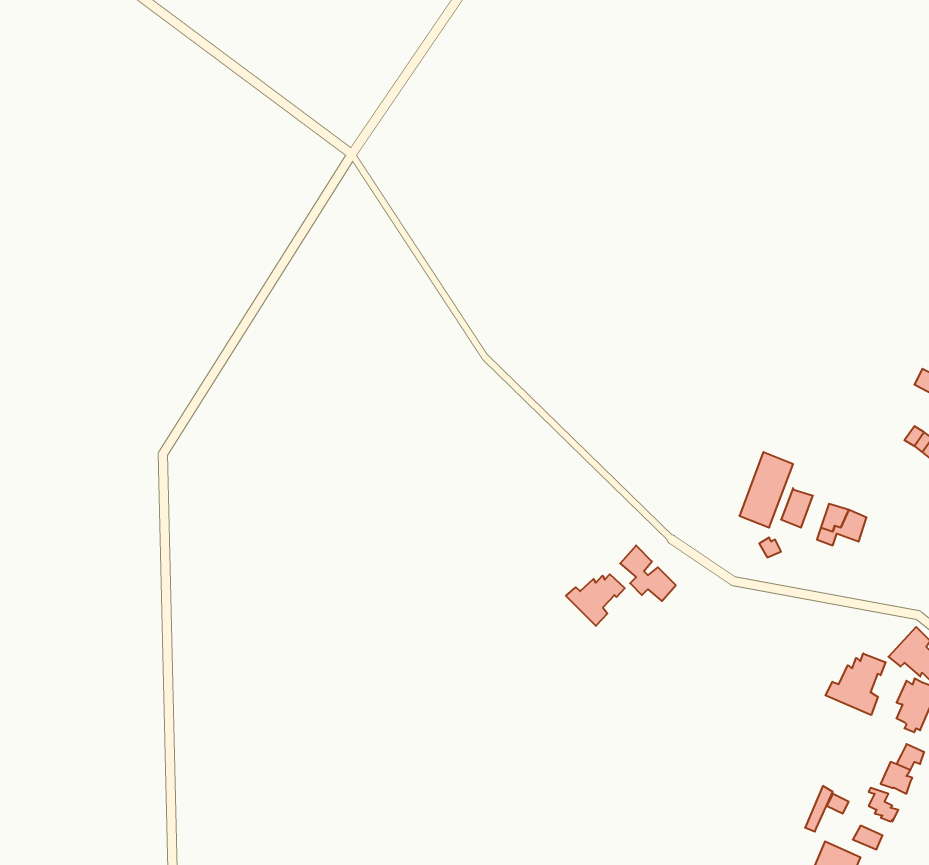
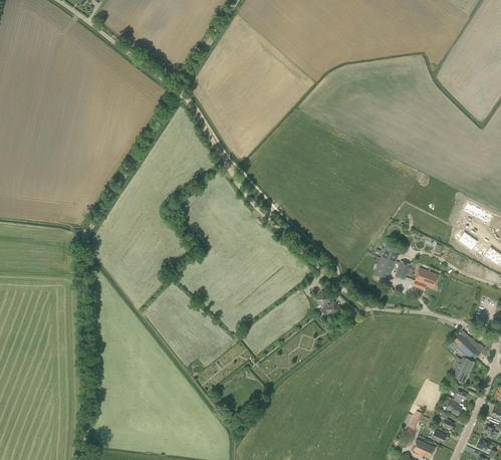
building: [566,574,625,626] -> none
building: [825,653,886,715] -> none

